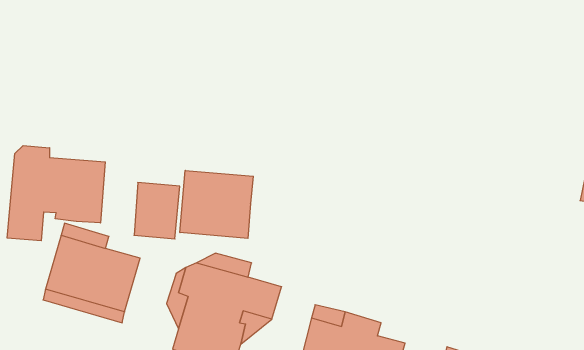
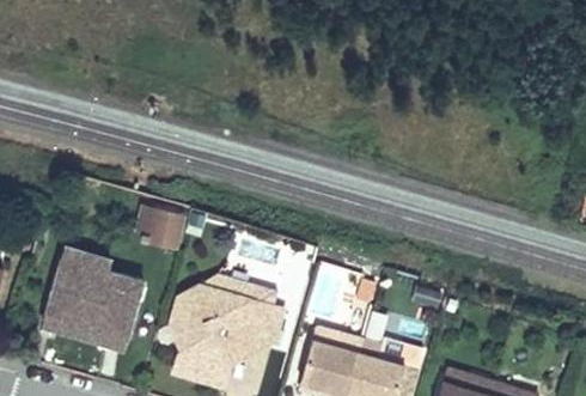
building: [7,146,105,241] -> none
building: [180,170,253,238] -> none

